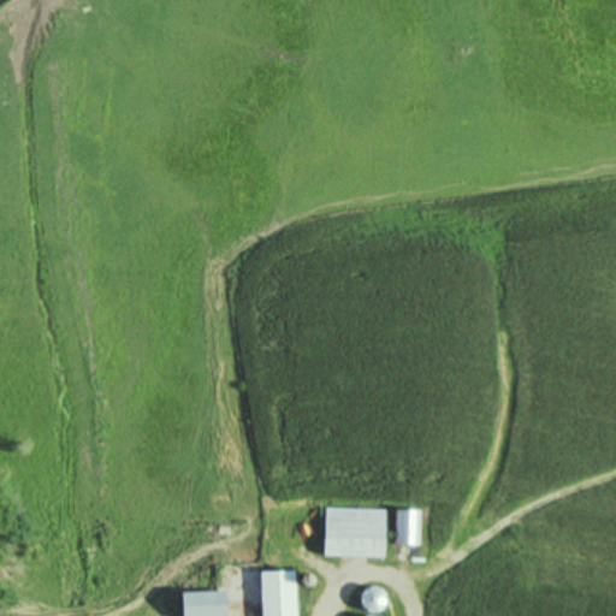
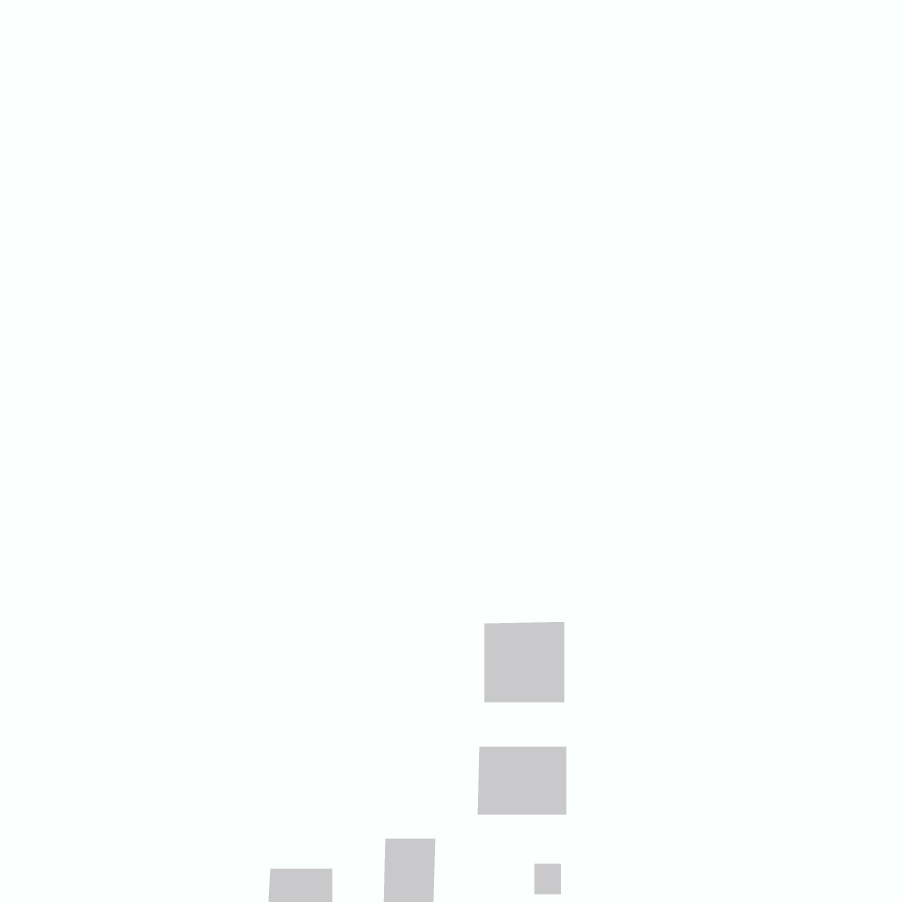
building: none -> [484,621,565,703]
building: [396,510,419,544] -> none

